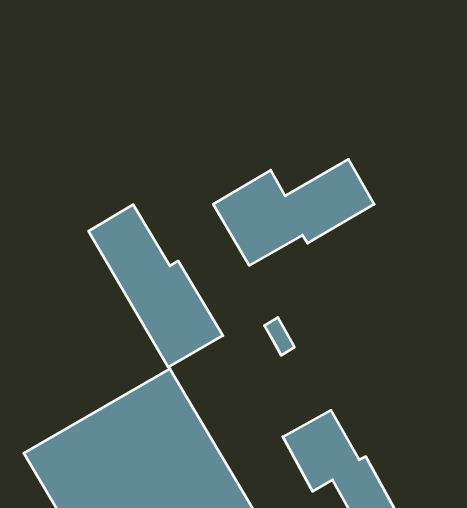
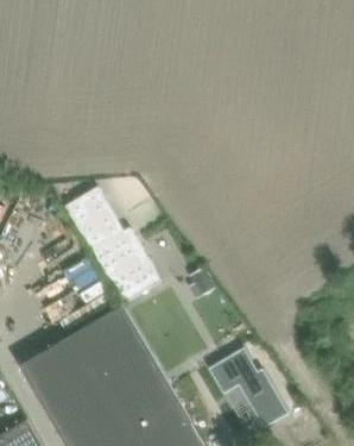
building: [213,159,374,265] -> none

